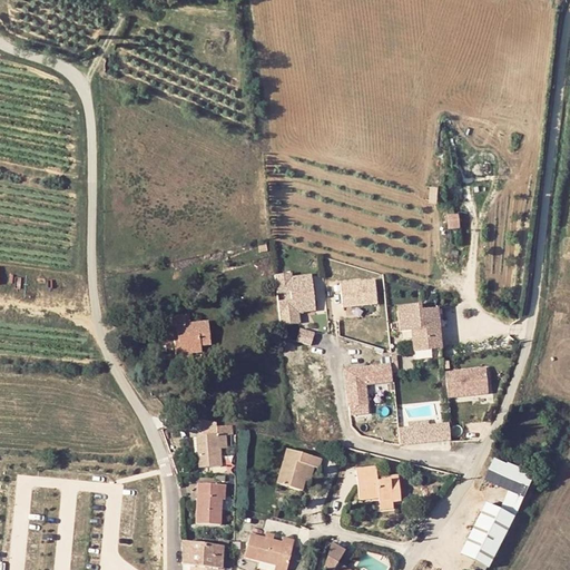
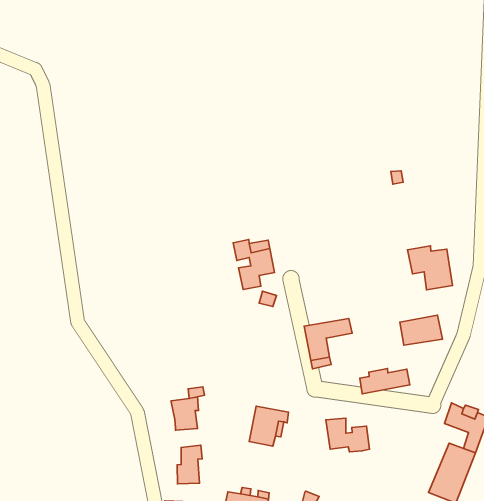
building: [338,278,376,306] -> none
building: [396,301,441,346] -> [408,246,453,290]
building: [170,313,209,352] -> none

